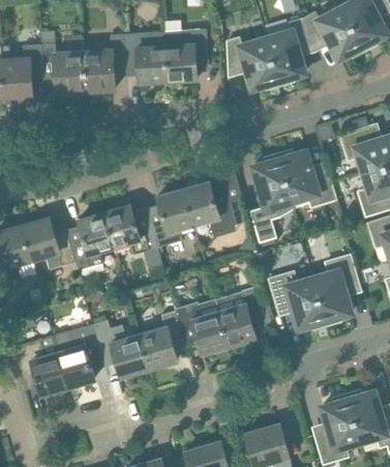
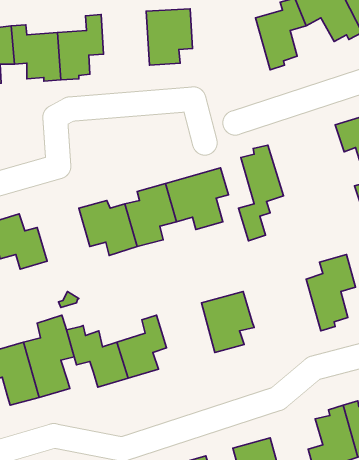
building: [124,31,169,82] -> none
building: [227,37,279,89] -> none
building: [277,150,335,207] -> none
building: [65,212,114,270] -> none
building: [268,271,326,329] -> none
building: [175,299,229,354] -> none

